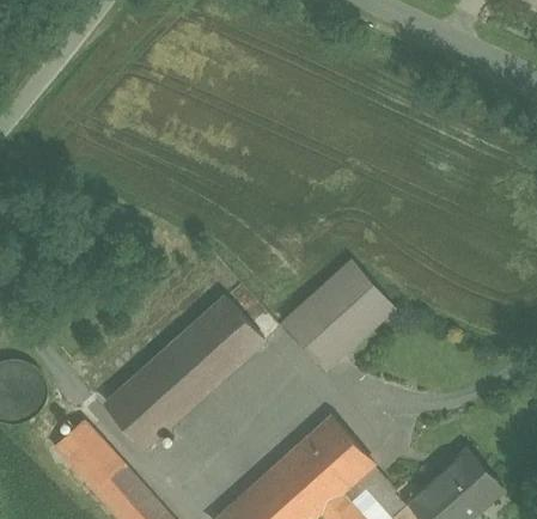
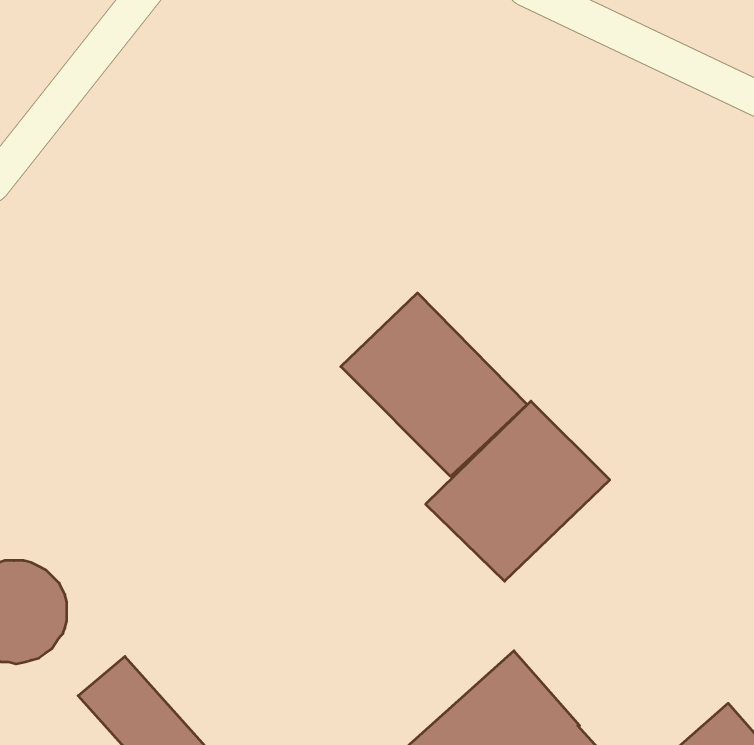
building: none -> [341,293,527,476]
building: [106,298,263,446] -> none

